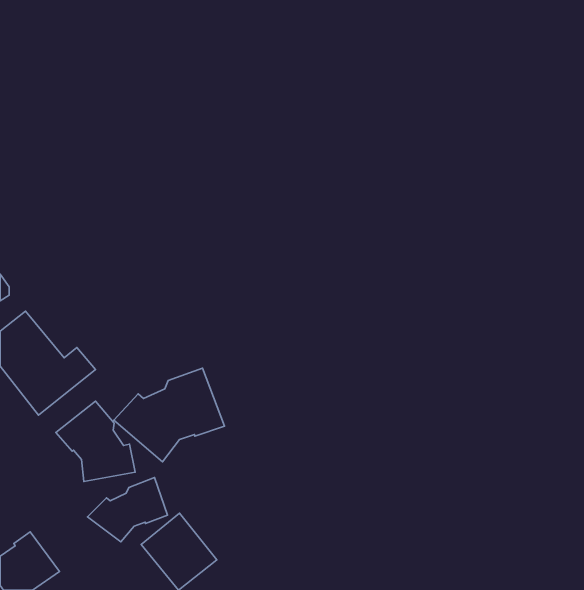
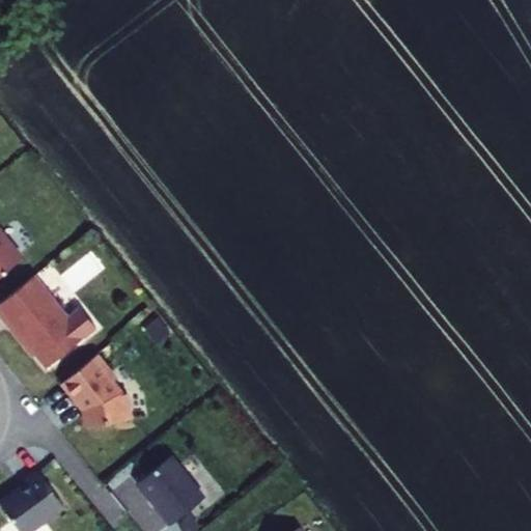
building: [114,368,224,462] -> none
building: [87,478,167,542] -> none

